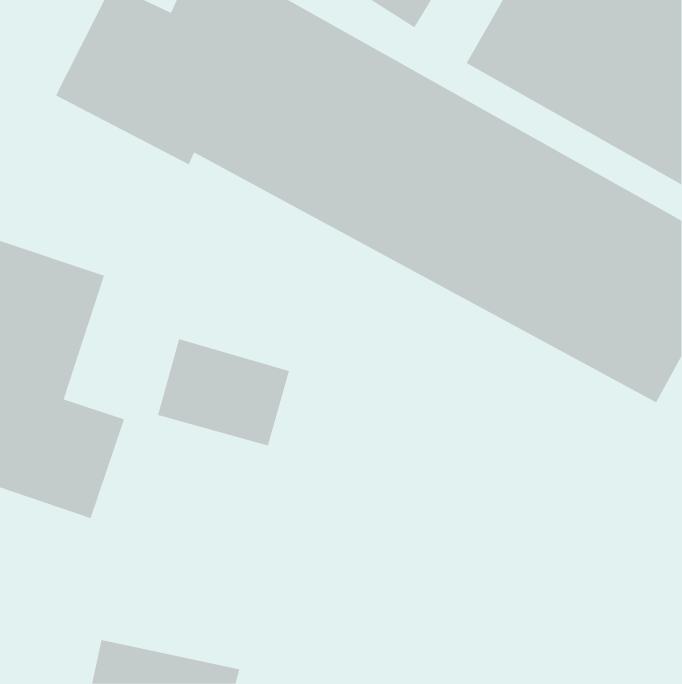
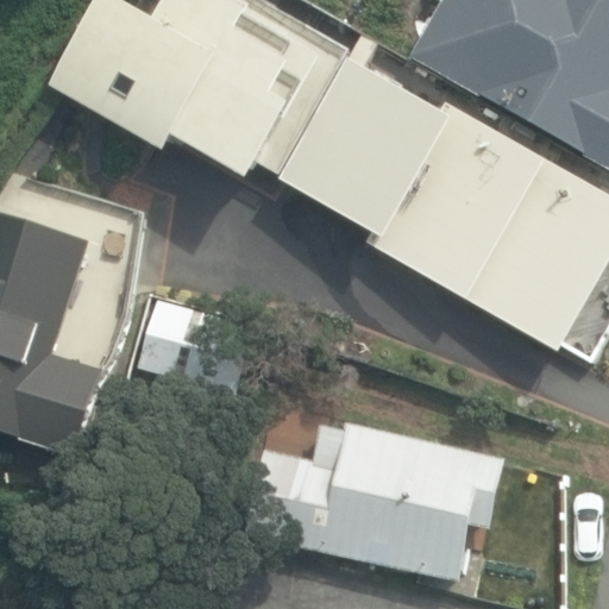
building: none -> [250,423,508,580]

